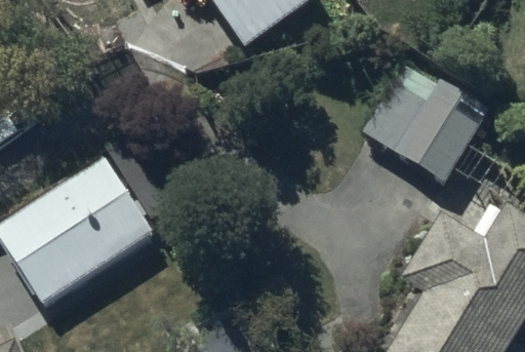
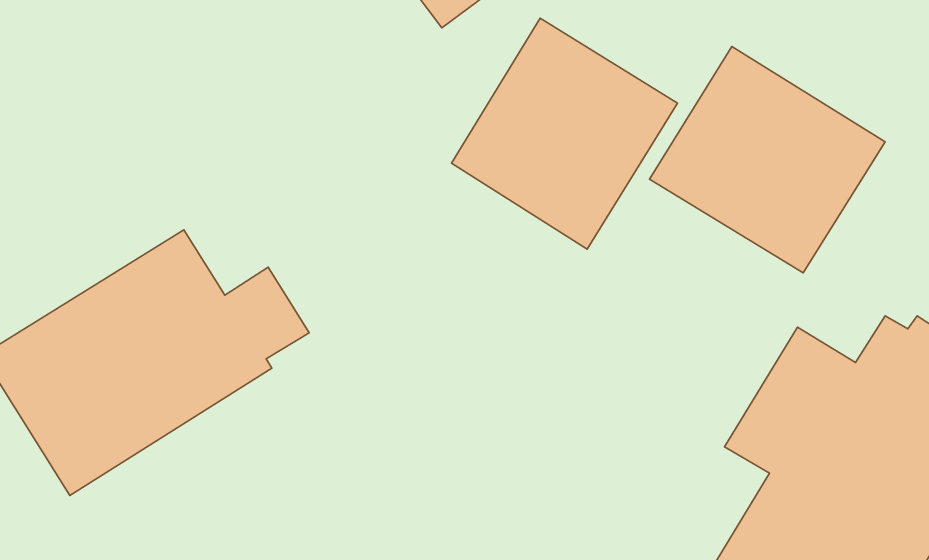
building: none -> [451,18,678,249]

